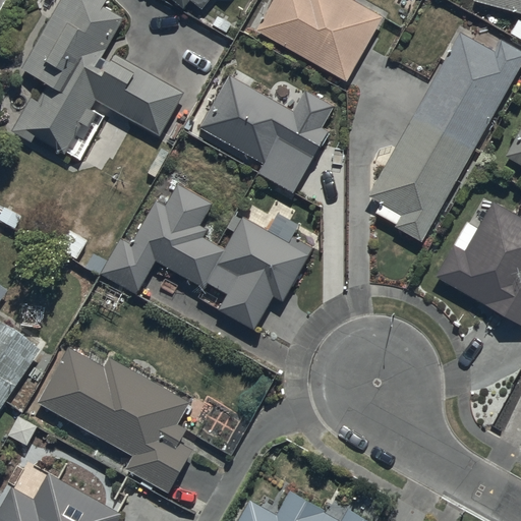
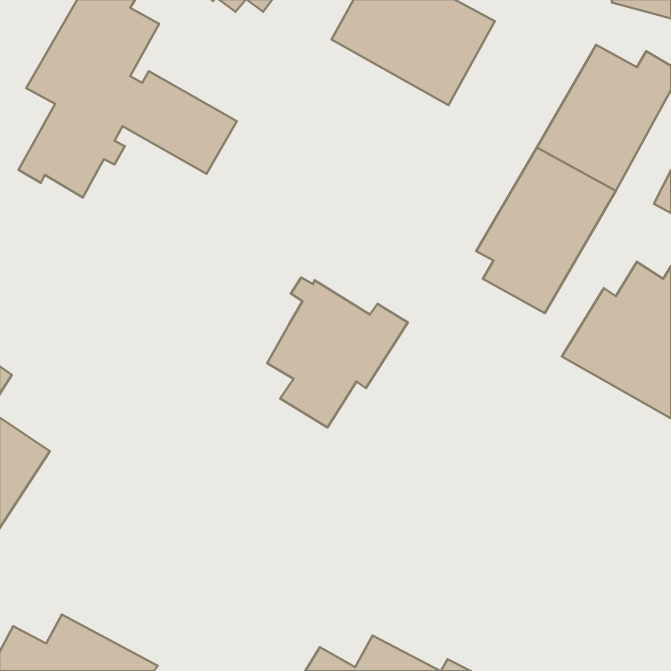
building: [201,77,334,194] -> none
building: [100,183,224,293] -> none
building: [38,339,191,493] -> none

